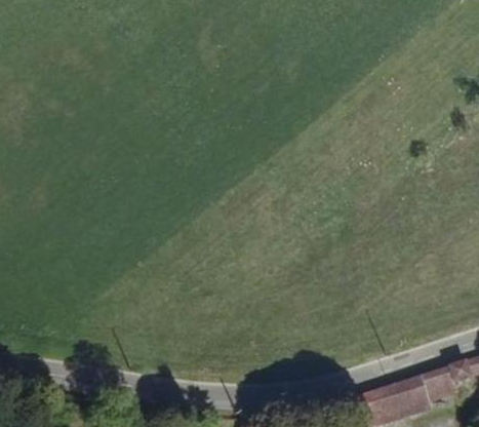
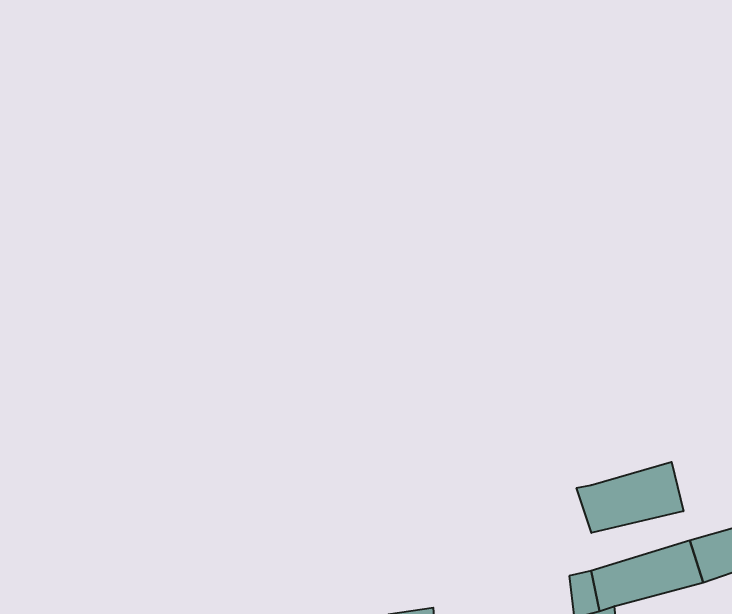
building: none -> [577,462,683,533]

